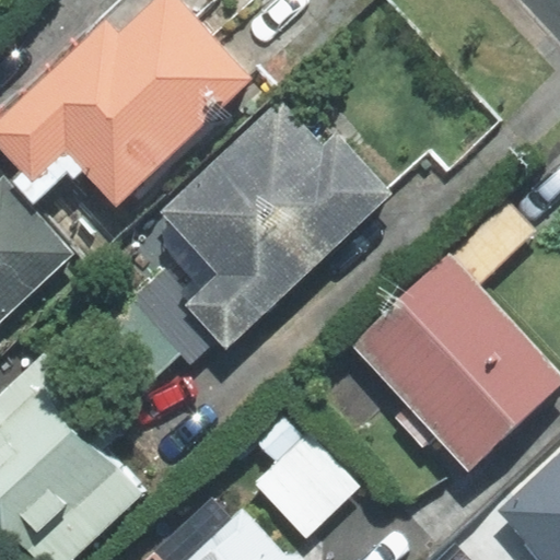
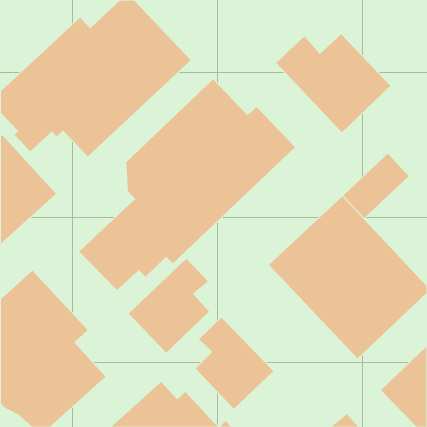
building: none -> [276,34,391,133]
building: none -> [128,258,210,353]

